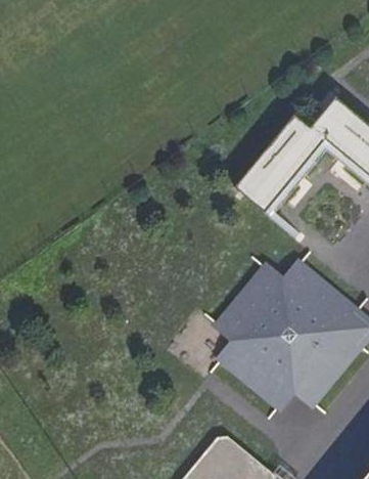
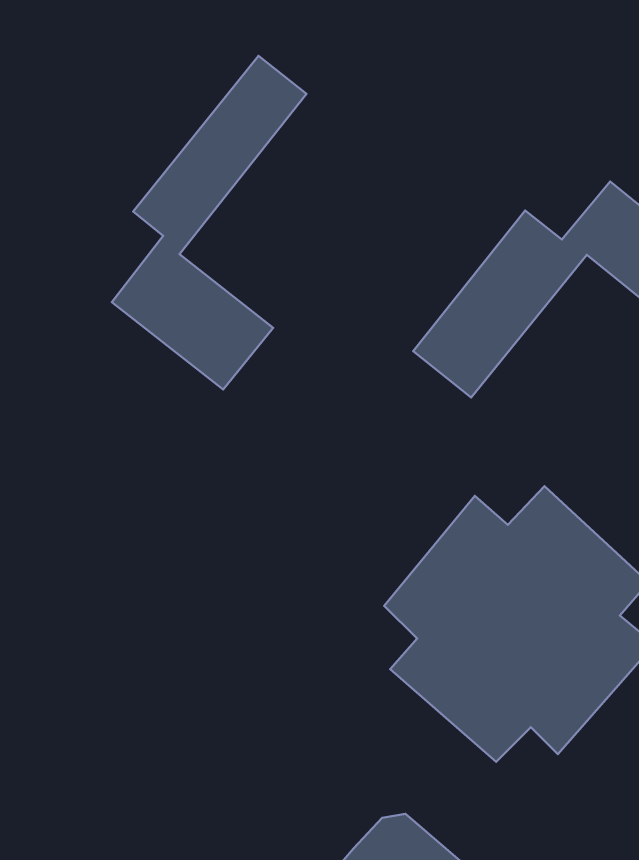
building: none -> [112,56,307,390]

